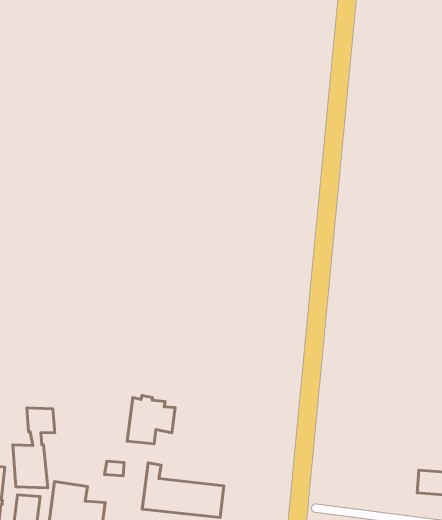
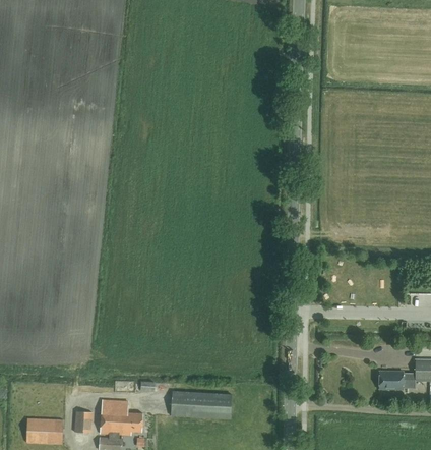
building: [127,395,175,444] -> none
building: [13,408,55,488] -> none

